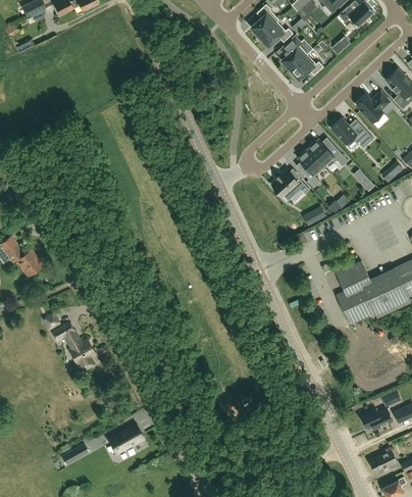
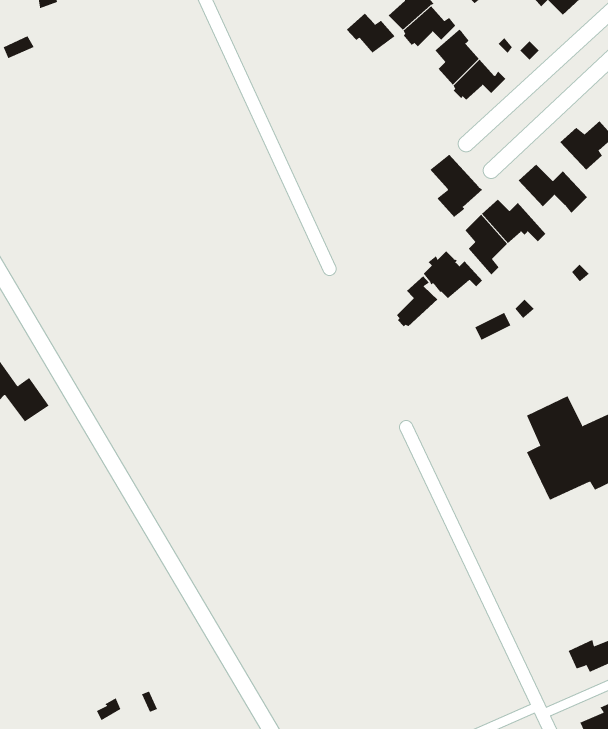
building: none -> [346,13,395,53]
building: none -> [430,154,483,218]
building: none -> [396,275,438,327]
building: [52,321,96,370] -> none
building: [113,424,145,450] -> none

